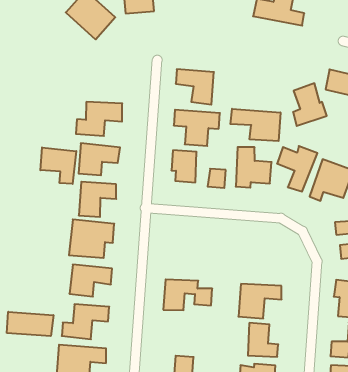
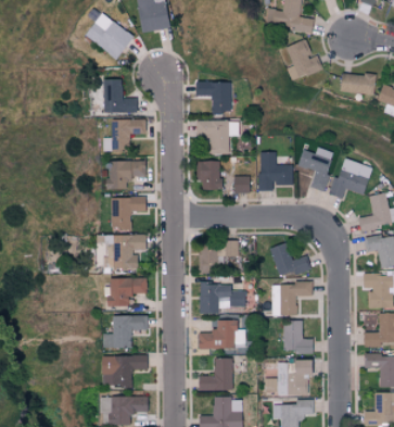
building: none -> [103,80,137,114]
building: [293,83,327,126] -> [287,40,320,83]
building: [230,109,280,141] -> none
building: [40,147,76,184] -> none
building: none -> [200,241,240,275]
building: none -> [270,243,310,278]
building: [7,312,53,336] -> none
building: none -> [199,321,246,349]

